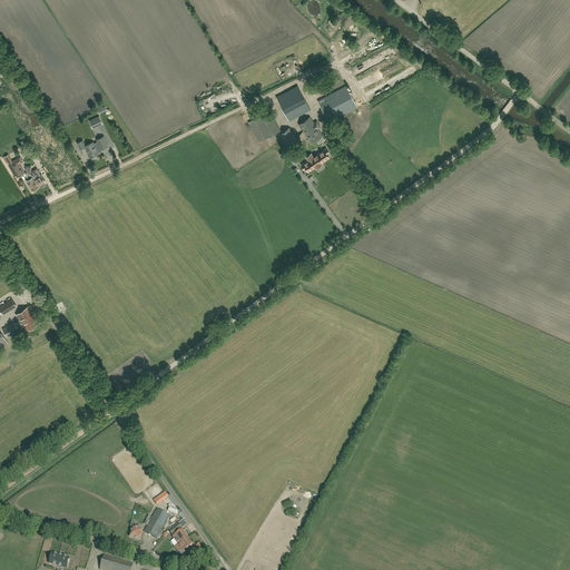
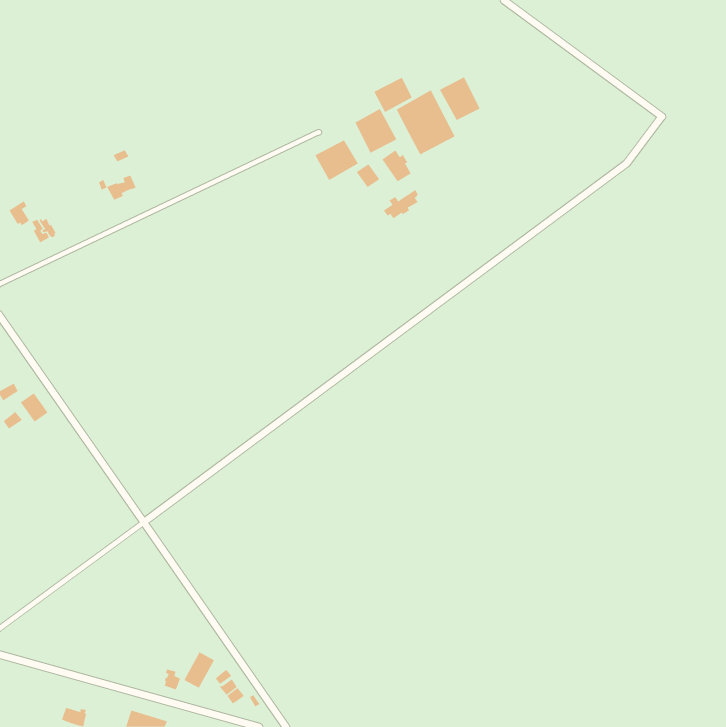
building: none -> [439,76,480,121]
building: none -> [373,77,413,113]

